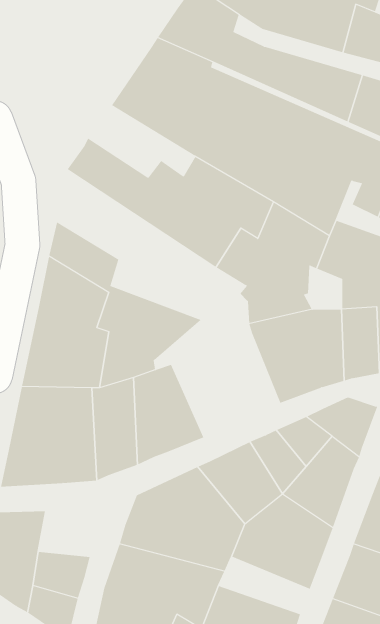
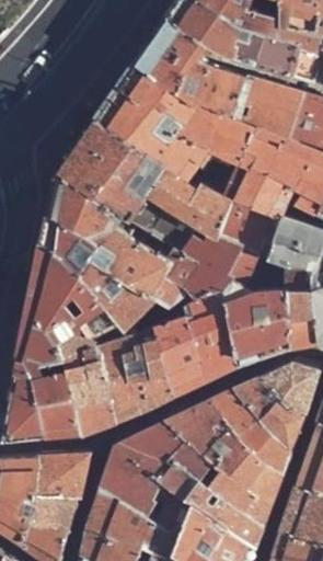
building: none -> [78,118,168,179]
building: none -> [51,172,212,306]
building: none -> [148,309,239,397]
building: none -> [36,457,90,496]
building: none -> [187,496,264,545]

